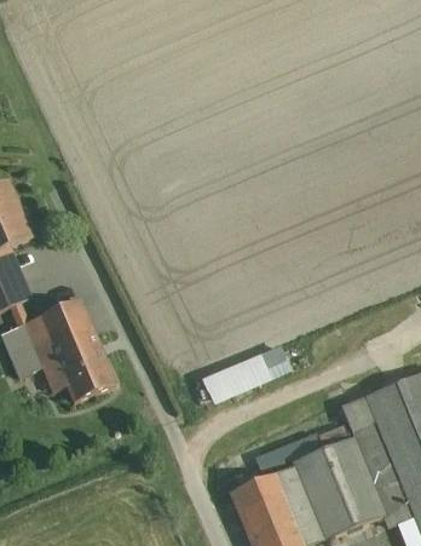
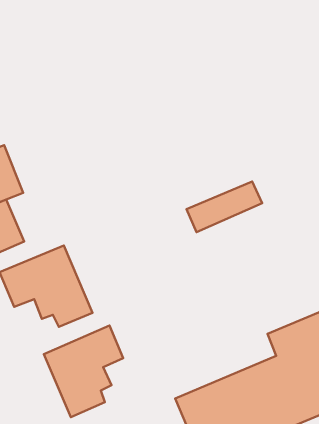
building: [202,339,294,401] -> [187,181,262,232]
building: none -> [44,326,123,417]

